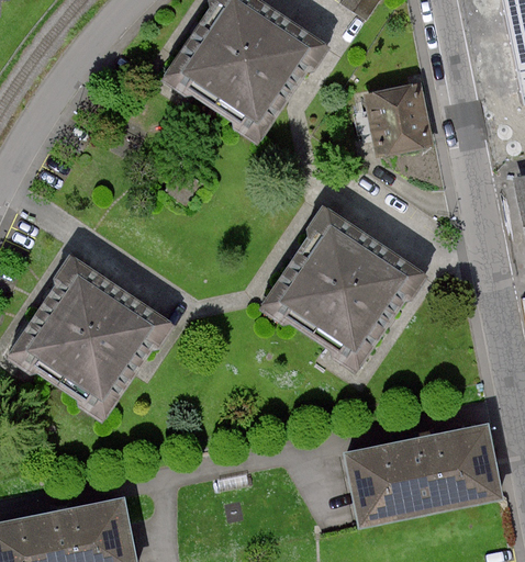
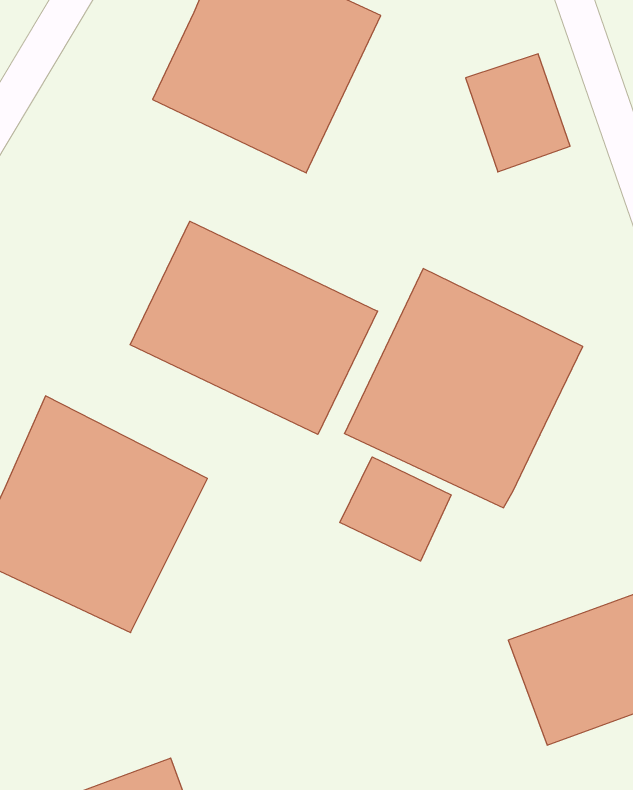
building: none -> [130,221,378,434]
building: none -> [340,457,451,561]

